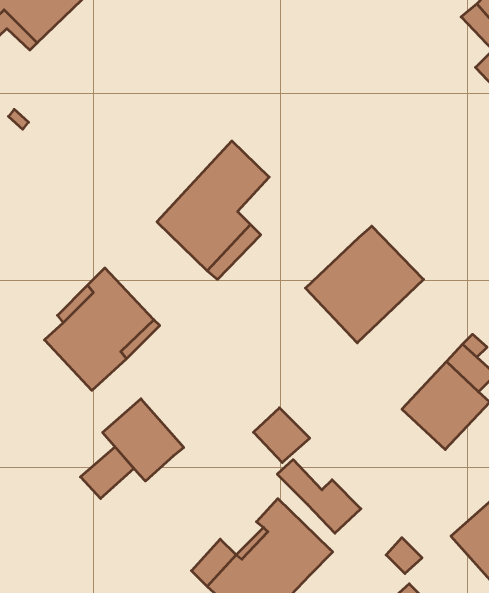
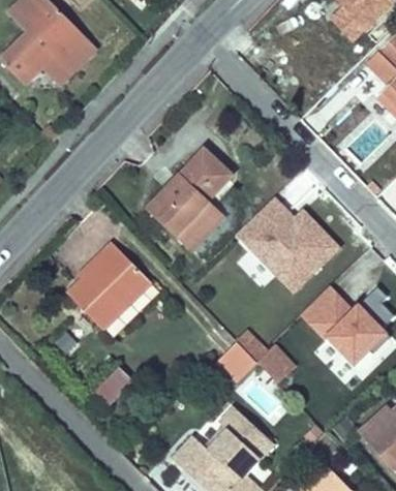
building: none -> [237,198,294,254]
building: none -> [300,287,353,341]
building: [103,399,184,481] -> none
building: [277,460,361,533] -> [237,330,297,382]

